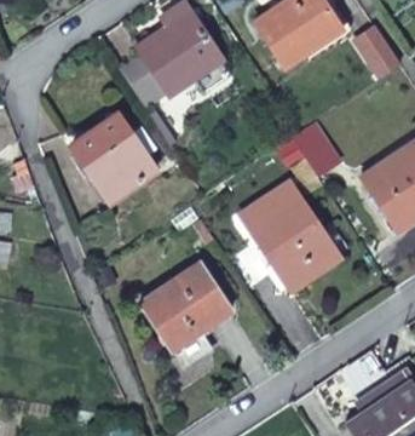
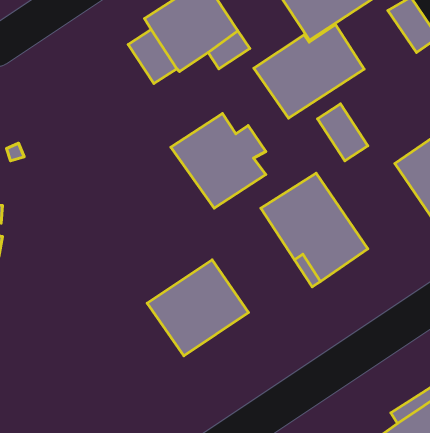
building: none -> [254,25,364,118]
building: [71,115,156,200] -> [171,113,266,208]

